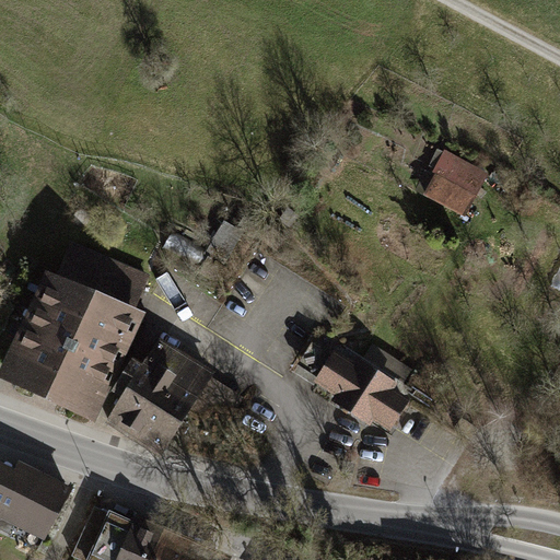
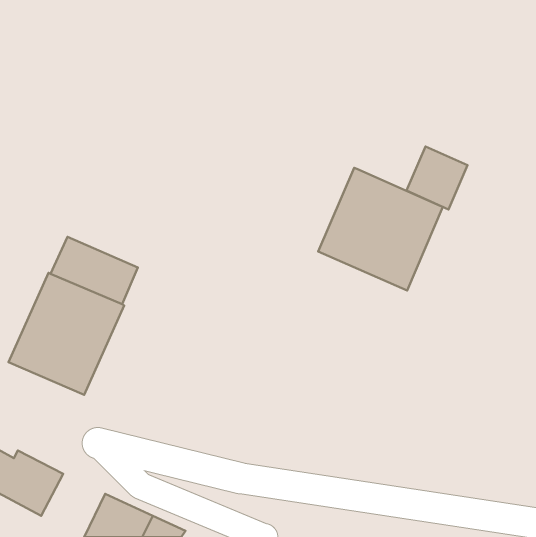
building: none -> [318,168,443,291]
building: [106,343,206,453] -> none
building: [314,352,413,434] -> none

